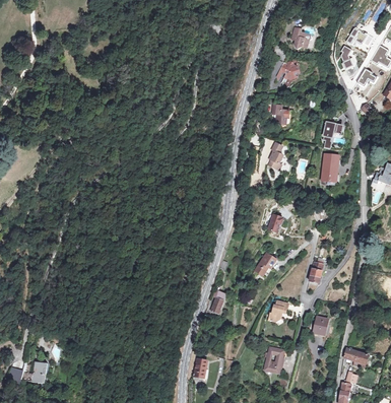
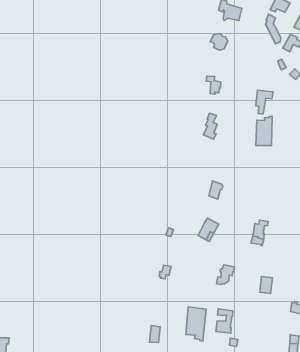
building: none -> [186,307,206,341]

